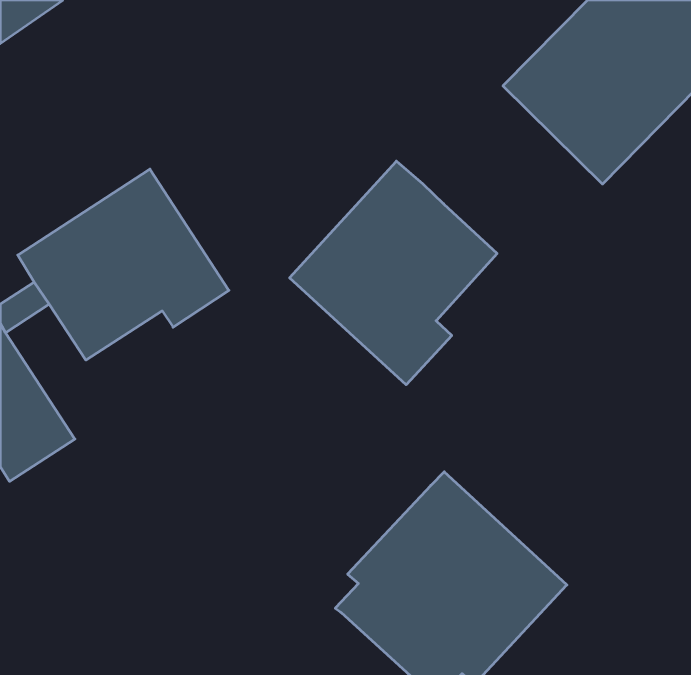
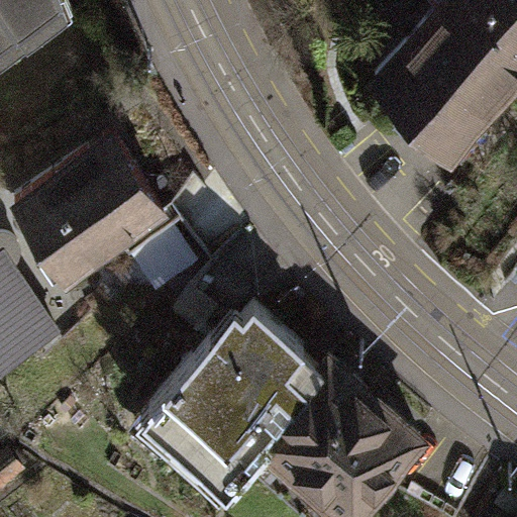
building: [290,161,497,385] -> none
building: none -> [150,313,323,491]

